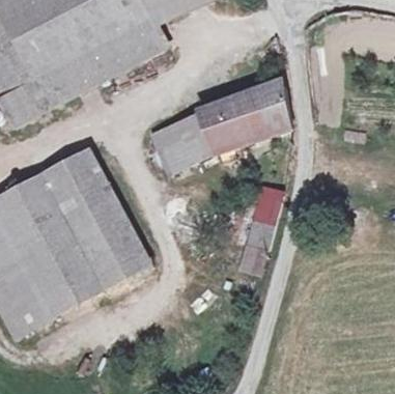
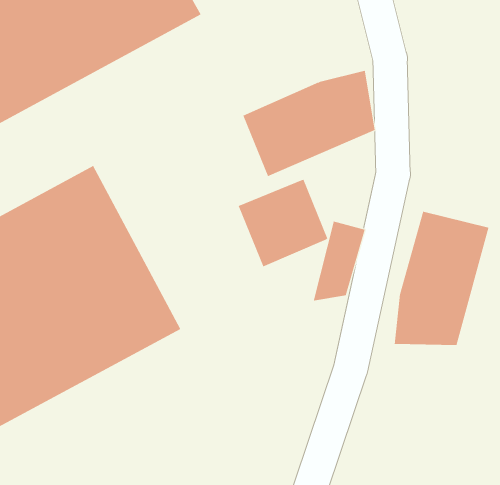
building: [148,112,213,175] -> [238,178,329,267]
building: none -> [394,211,489,346]

